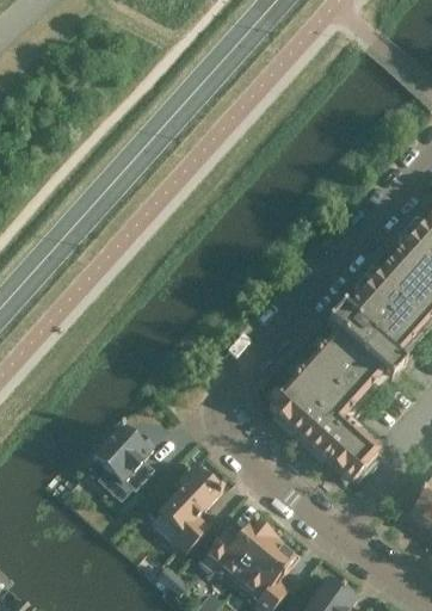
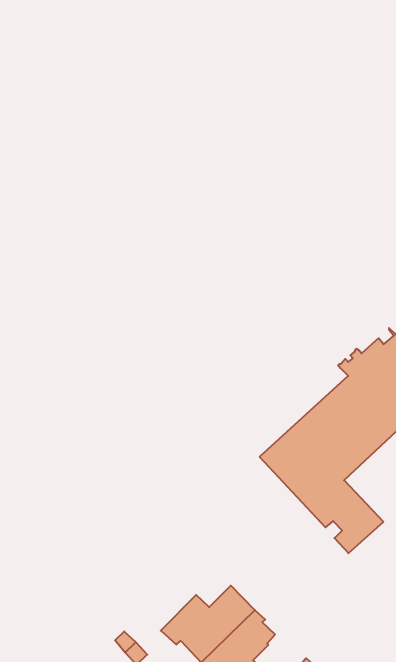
building: [90,422,152,489] -> none
building: [156,462,220,550] -> none

